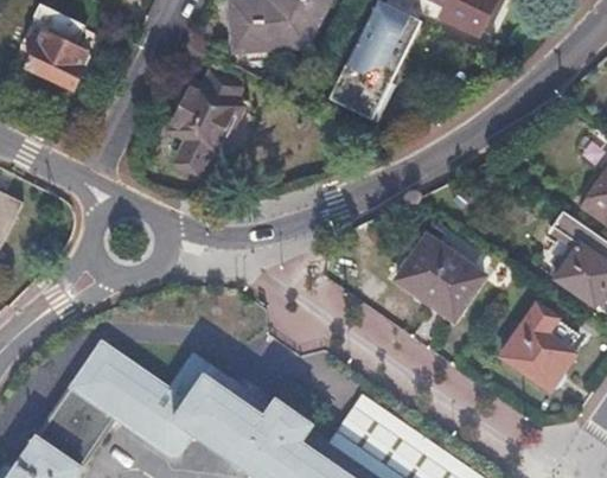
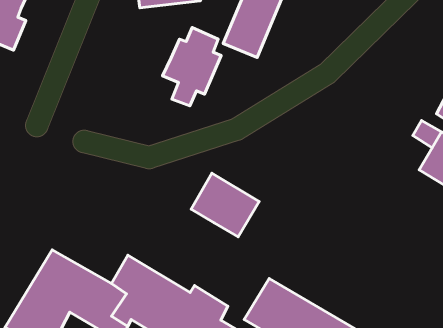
building: [165,75,238,171] -> [163,28,221,106]
building: [397,238,481,319] -> [191,173,259,237]
building: [501,307,576,390] -> none

